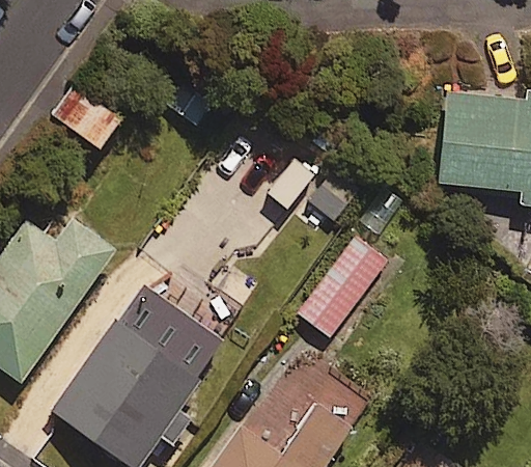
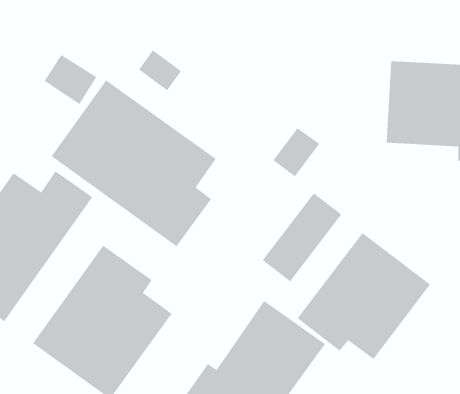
building: none -> [51,80,216,247]
building: none -> [297,232,431,360]

